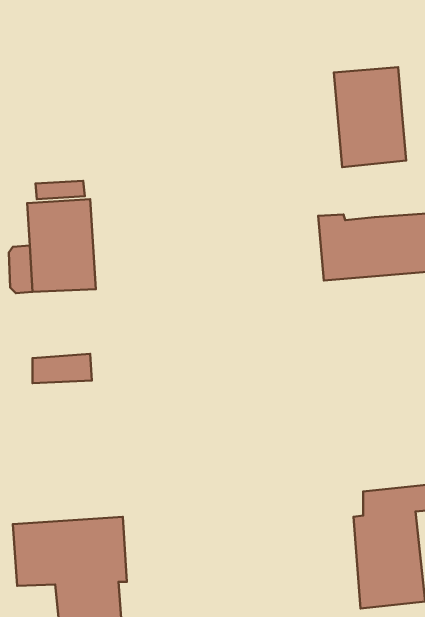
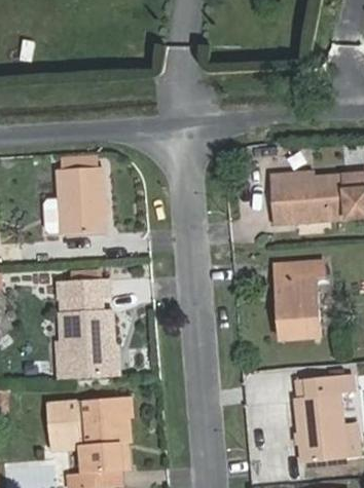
building: [334,67,406,167] -> none
building: none -> [278,259,325,340]
building: none -> [61,311,115,376]

